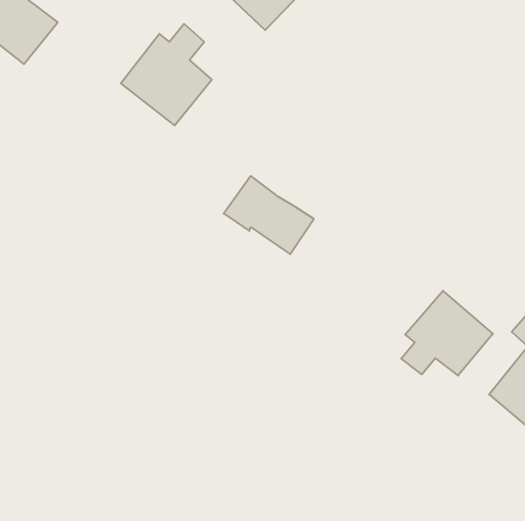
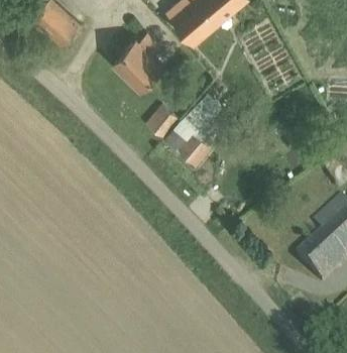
building: none -> [147,103,179,135]
building: [401,291,493,376] -> none

